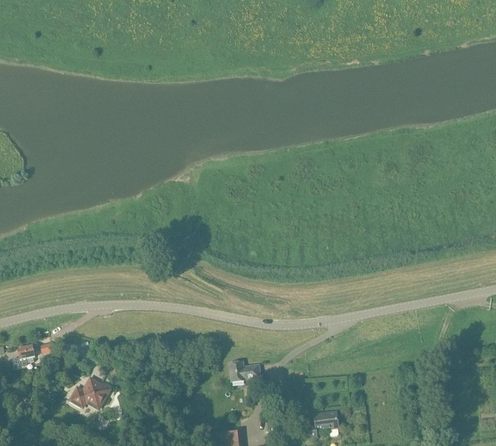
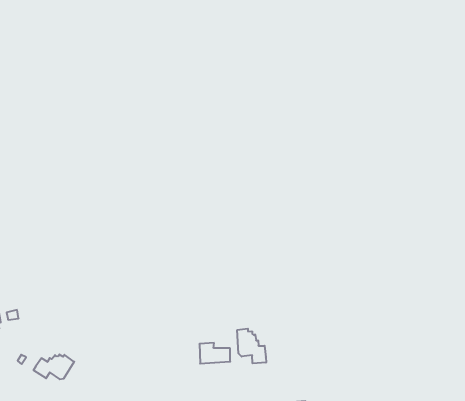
building: none -> [237,329,266,363]

